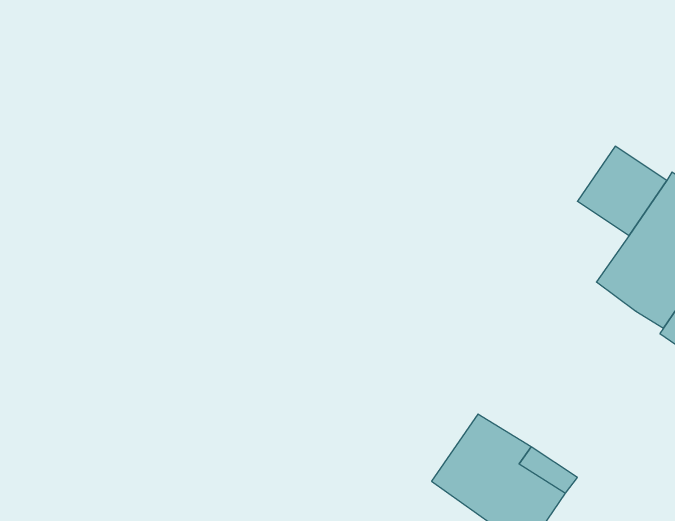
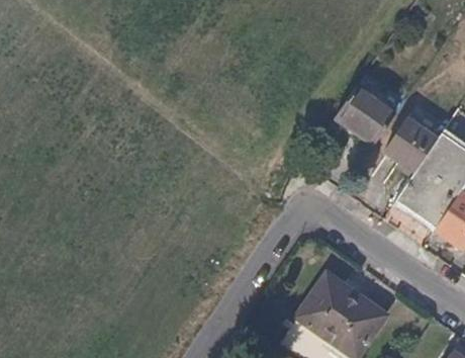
building: none -> [338,85,397,144]

